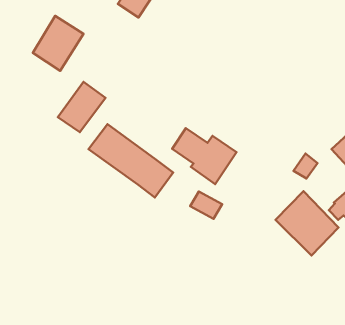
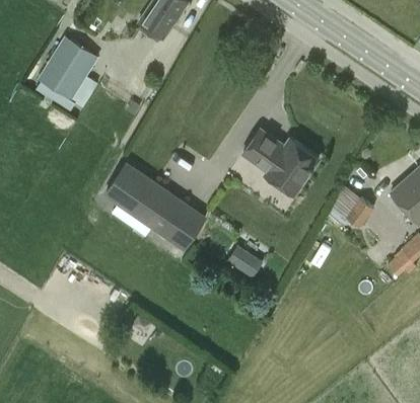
building: [58,82,106,132] -> none
building: [172,128,237,184] -> [242,131,319,196]
building: [276,191,338,256] -> none

